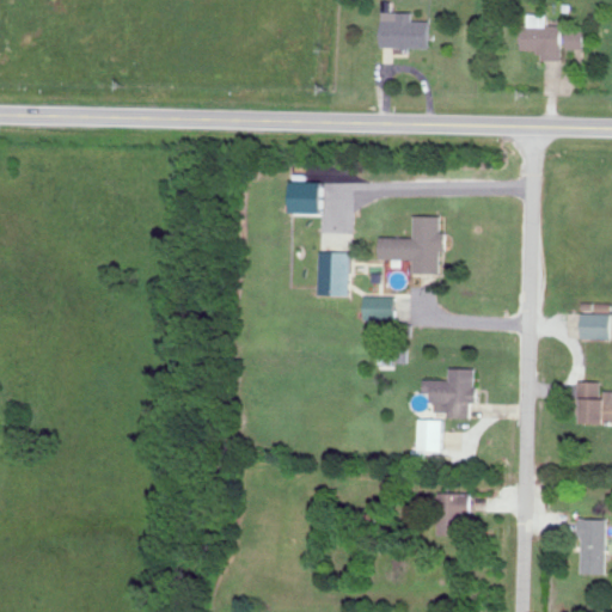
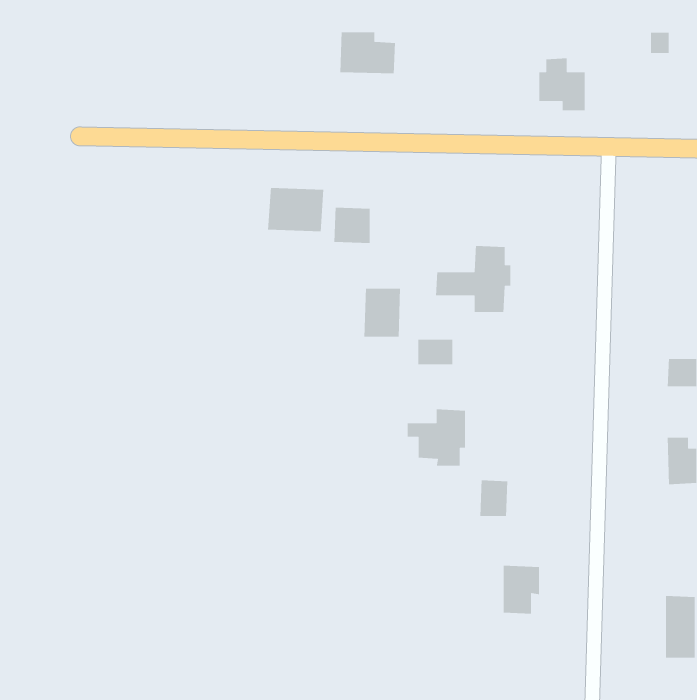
building: [379,13,428,50] -> [339,31,396,74]
building: [519,14,559,61] -> [539,58,585,111]
building: none -> [267,187,324,232]
building: [422,369,473,420] -> [407,409,466,467]

